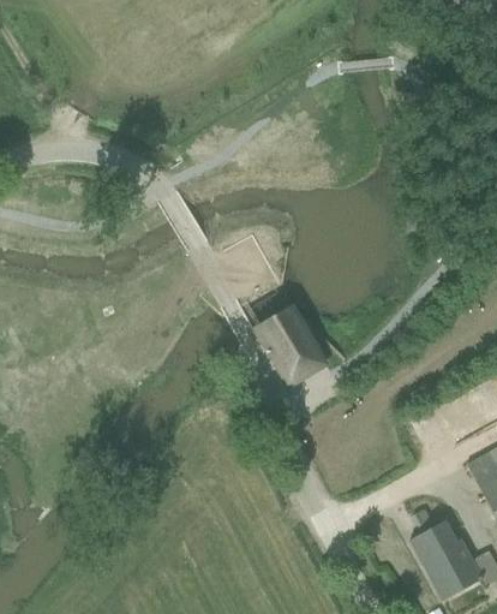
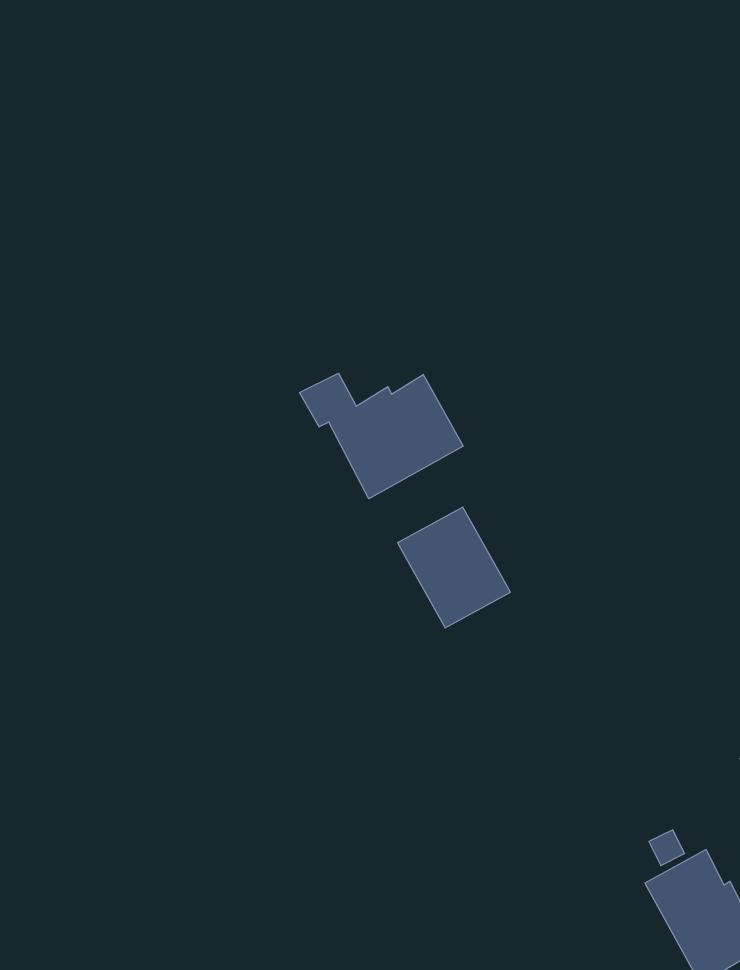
building: none -> [300,373,463,499]

